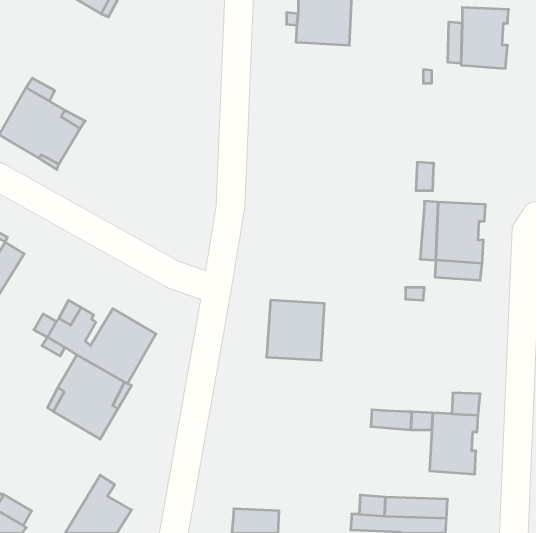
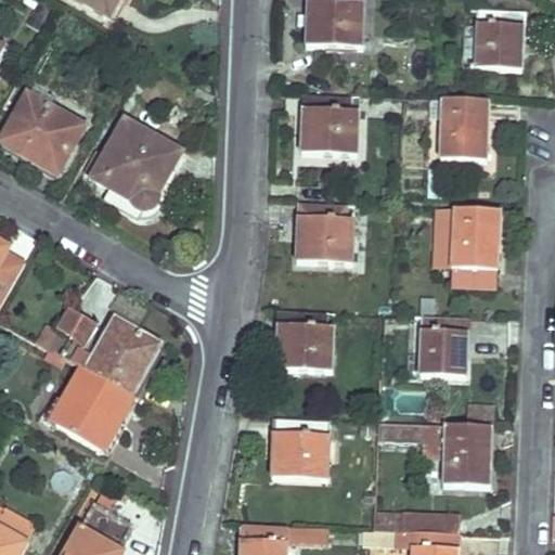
building: none -> [300,92,358,155]
building: none -> [437,99,487,162]
building: none -> [86,119,182,209]
building: none -> [295,201,354,264]
building: none -> [418,315,467,376]
building: none -> [271,417,328,480]

